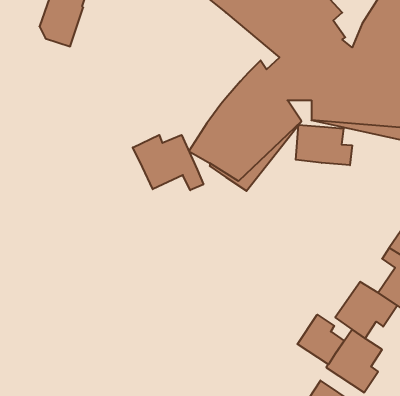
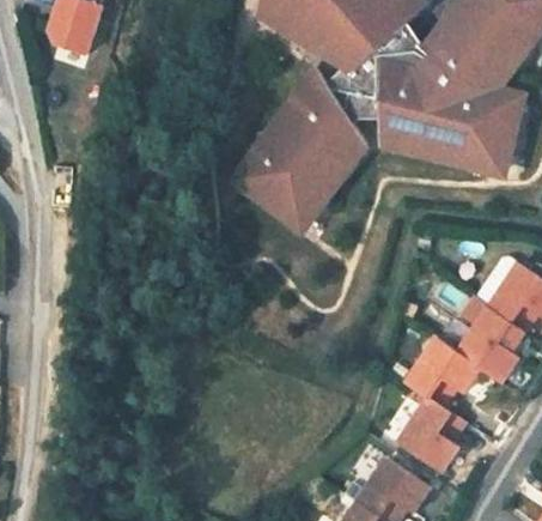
building: [296,125,352,165] -> none
building: [133,135,203,190] -> none
building: [297,315,344,364] -> none

